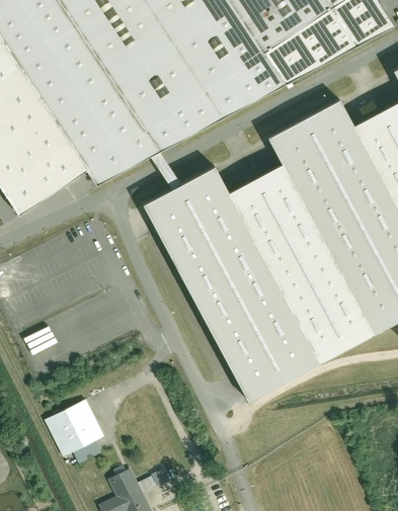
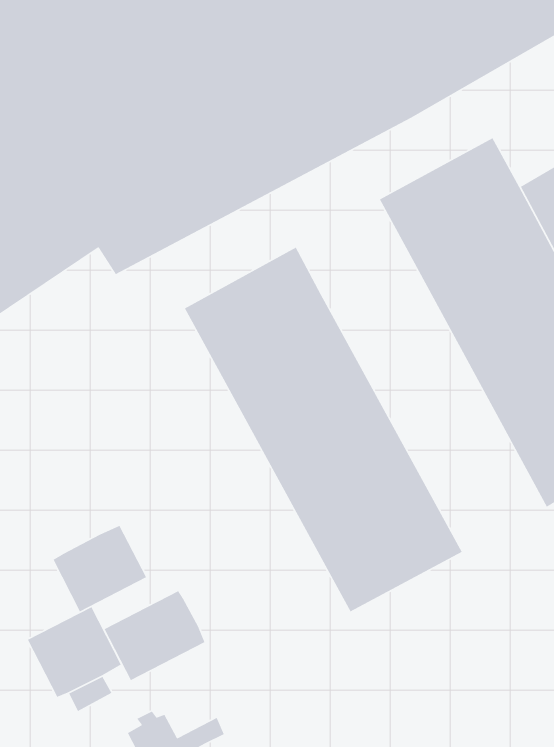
building: [231,168,375,362] -> none
building: none -> [52,525,147,612]
building: none -> [103,590,205,681]

